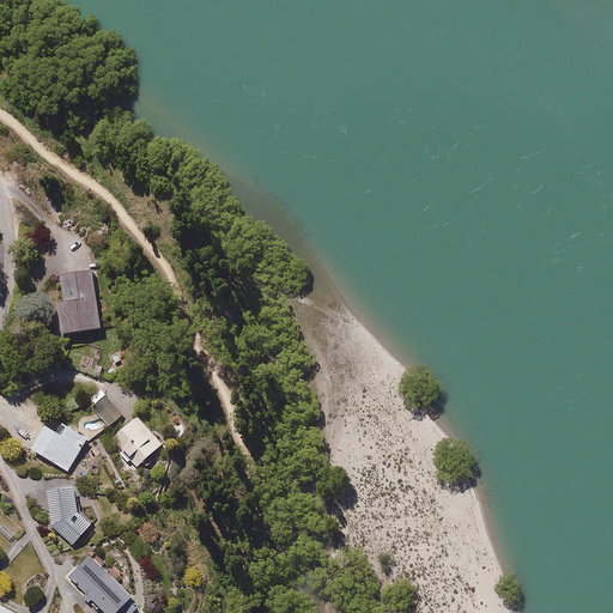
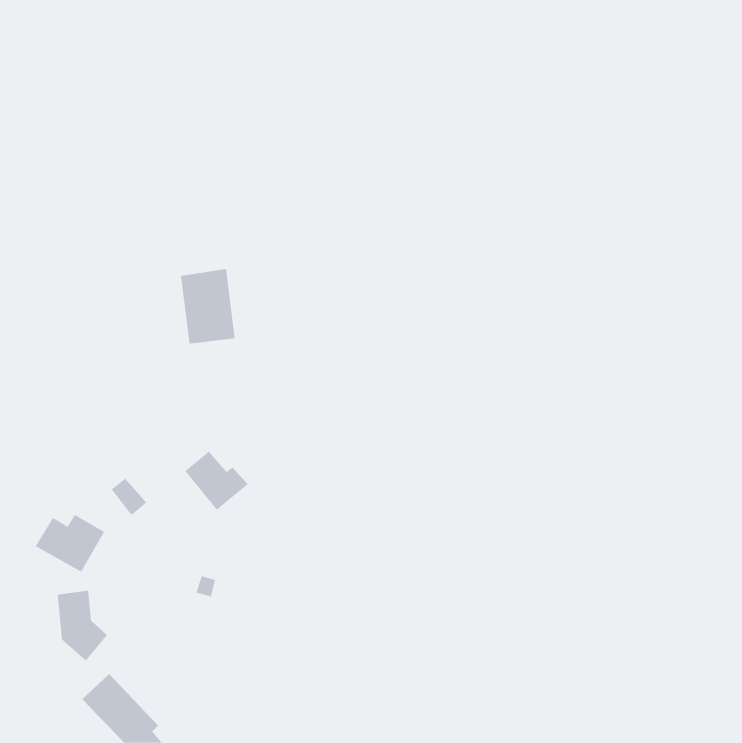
building: [55,269,101,332] -> [180,268,236,344]
building: [109,418,162,467] -> [185,451,249,510]

